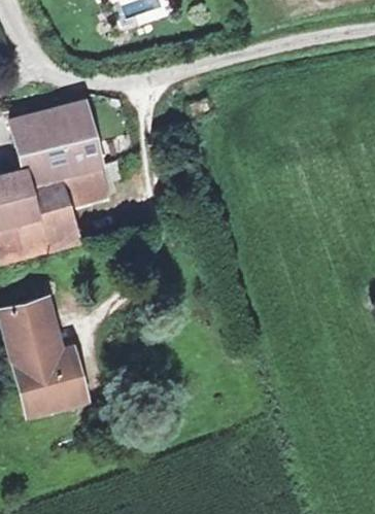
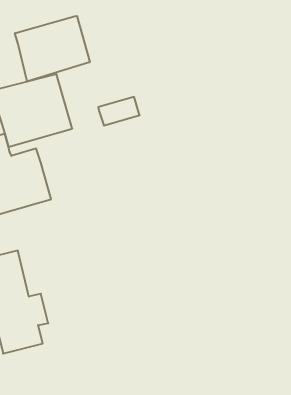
building: none -> [15,16,90,82]
building: [63,168,109,200] -> [98,97,140,125]

